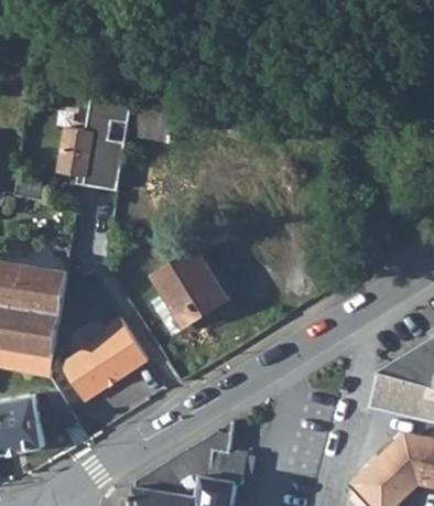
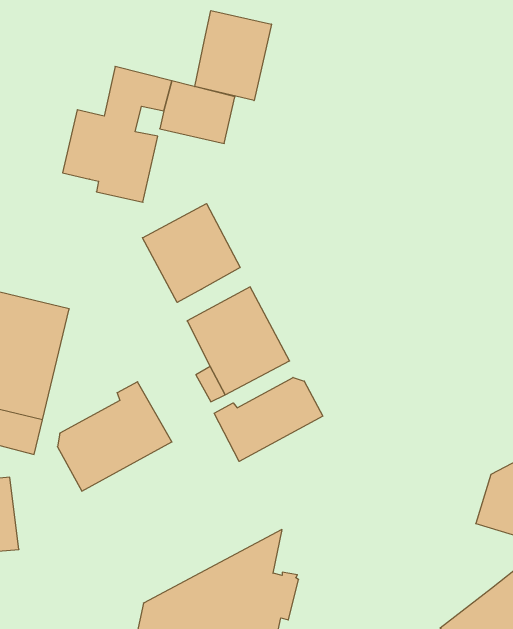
building: none -> [195,11,271,101]
building: none -> [142,204,240,302]
building: none -> [214,377,323,461]

